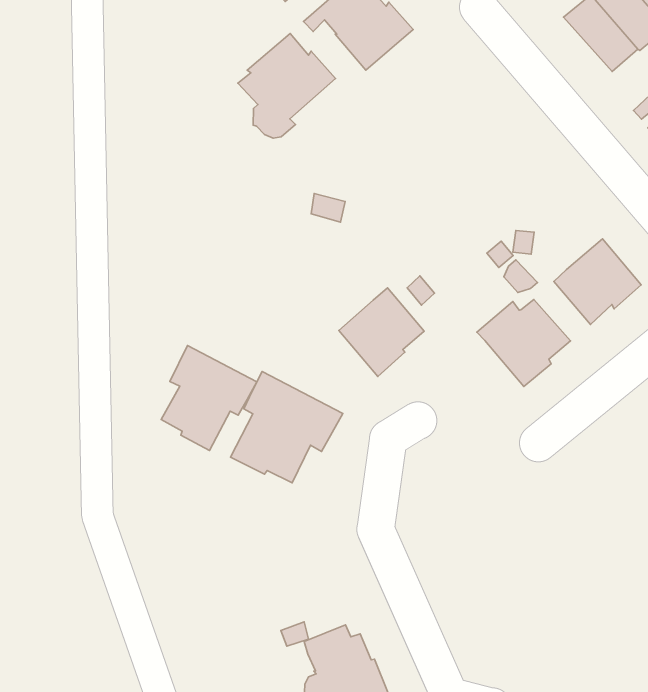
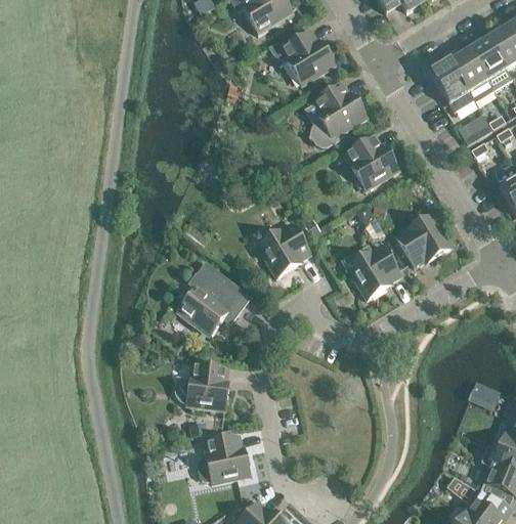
building: [238,33,336,138] -> [305,83,367,146]
building: none -> [344,135,398,188]
building: [161,346,257,451] -> none
building: none -> [177,363,228,408]

